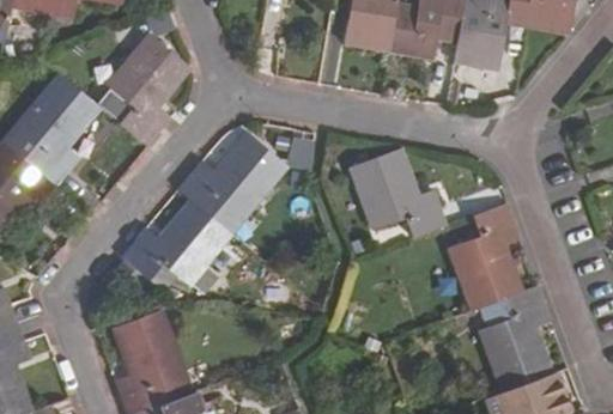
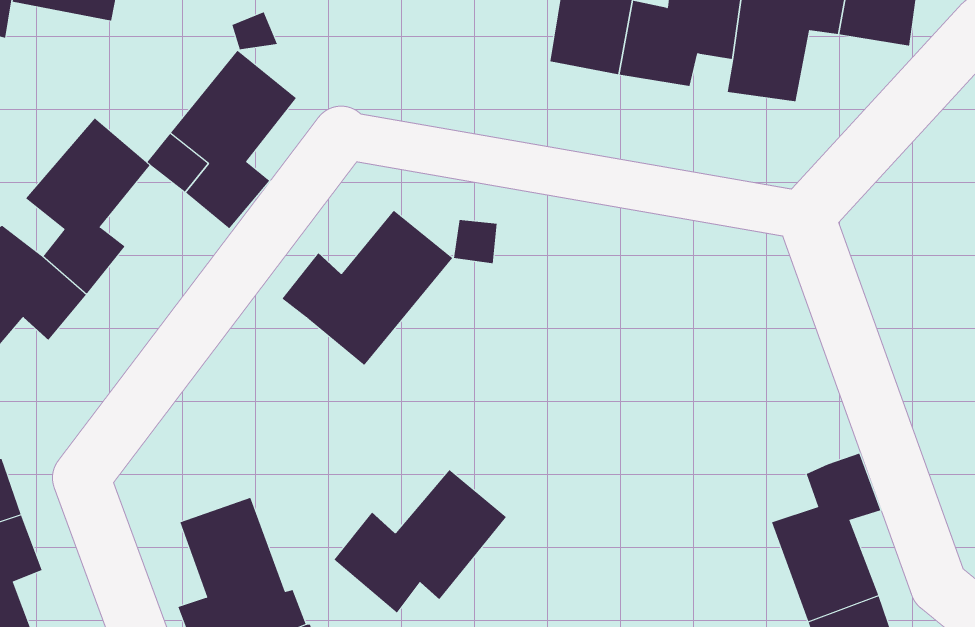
building: [353,151,445,238] -> none
building: [122,201,230,291] -> [333,469,507,614]
building: [451,202,521,309] -> none

